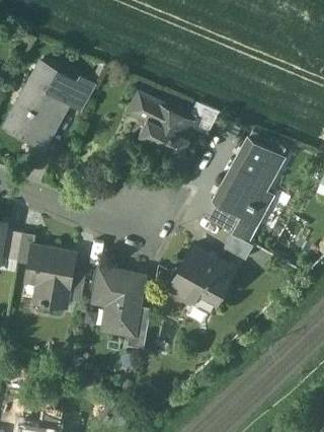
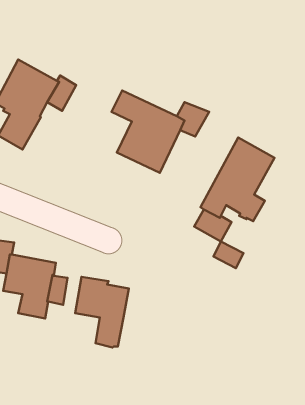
building: [169,246,234,303] -> none
building: [128,306,151,349] -> none

